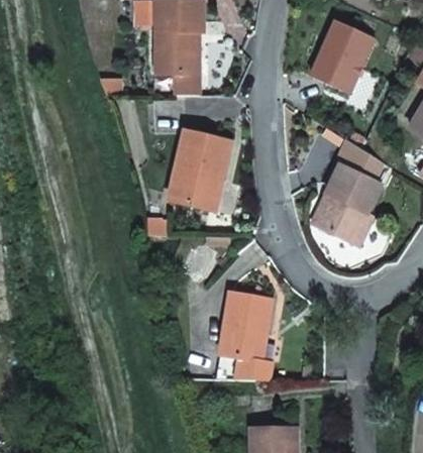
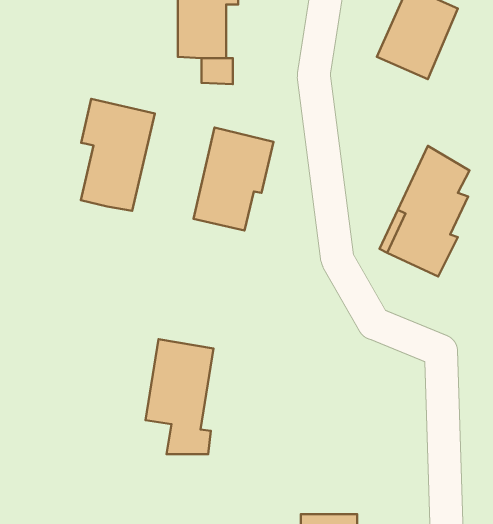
building: none -> [81,99,155,211]
building: [219,292,272,380] -> [145,339,213,454]

